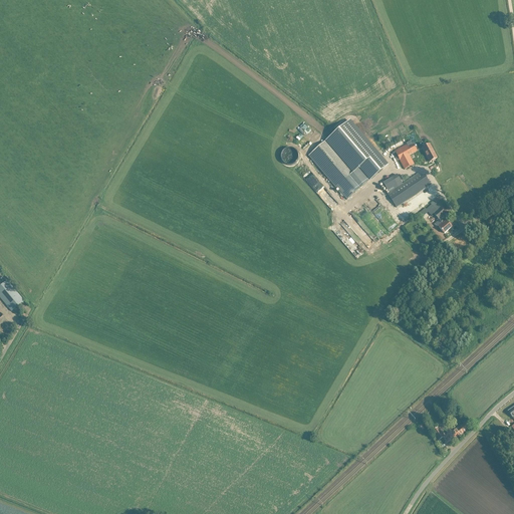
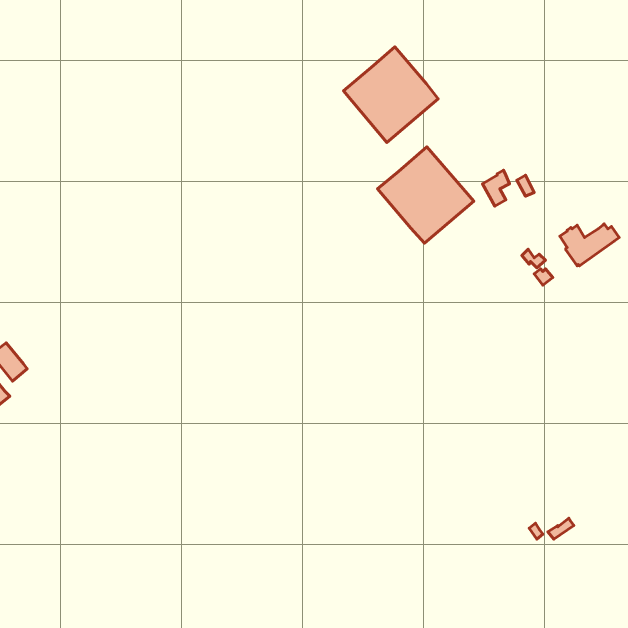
building: none -> [343,47,438,143]
building: [380,172,429,206] -> [560,224,619,266]

